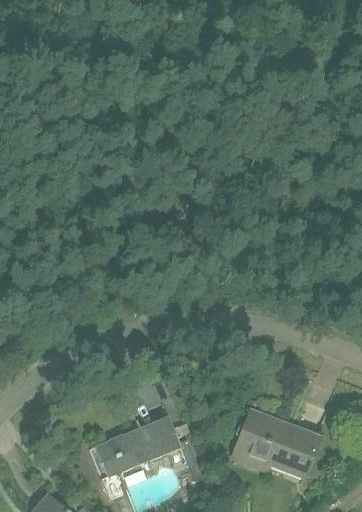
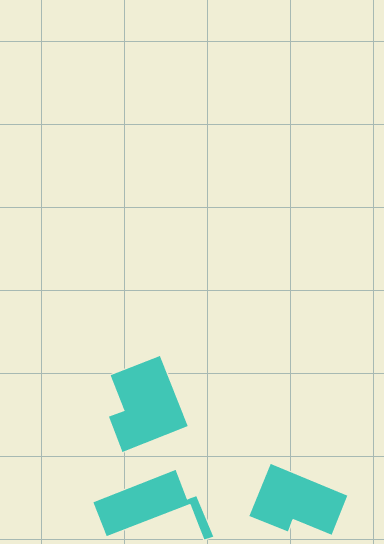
building: none -> [108,355,189,453]

